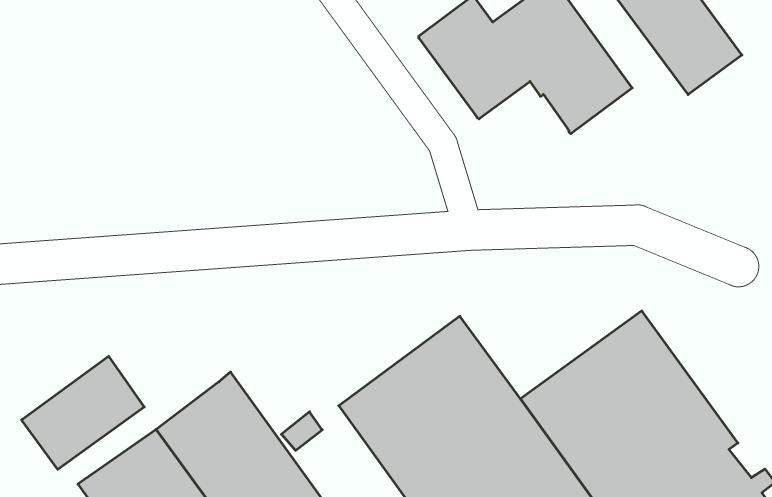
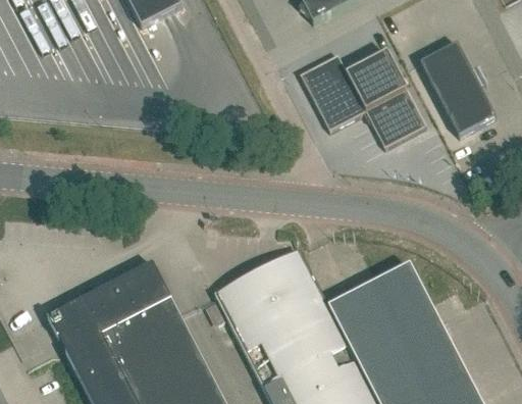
building: [22,356,144,469] -> none

